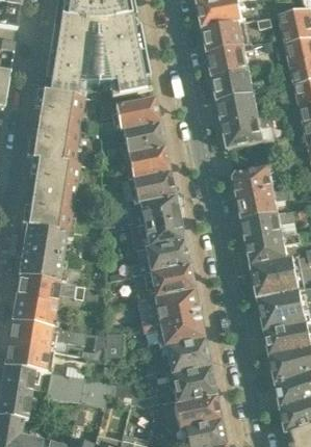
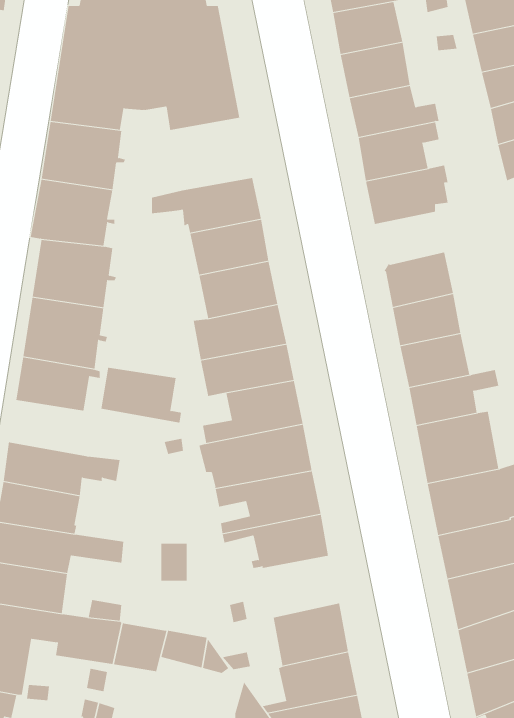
building: [100,97,159,133] -> none
building: [19,249,66,282] -> [100,367,182,423]
building: [164,339,209,374] -> none

